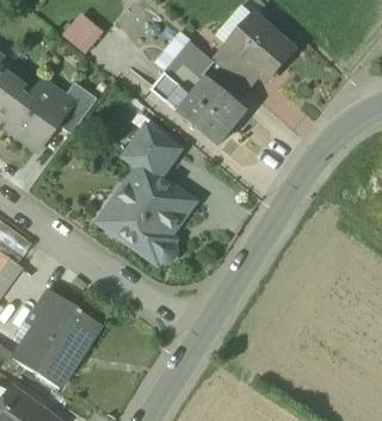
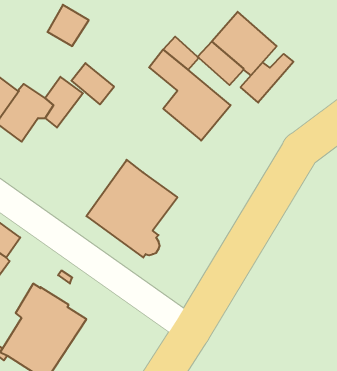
building: none -> [241,54,293,103]
building: [149,70,192,112] -> [71,63,114,104]
building: [125,126,177,177] -> none

